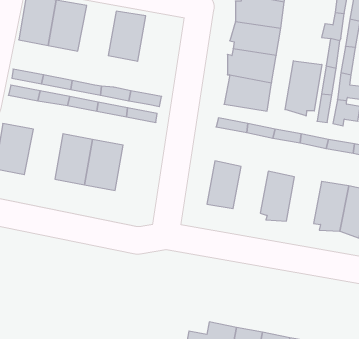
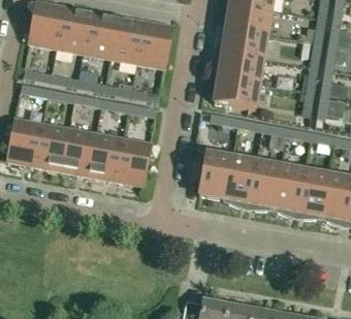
building: none -> [83,10,118,56]
building: none -> [137,20,171,66]
building: [285,61,322,116] -> none
building: none -> [34,123,69,168]
building: none -> [117,137,151,184]
building: none -> [224,157,256,203]
building: none -> [273,166,305,213]

